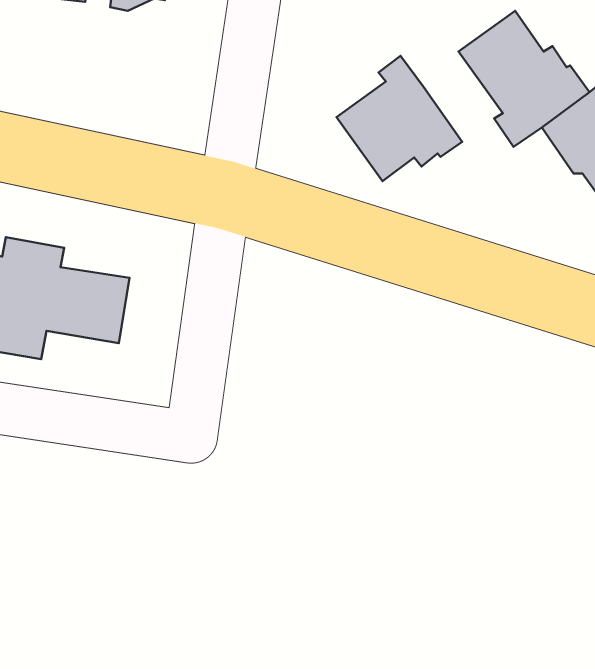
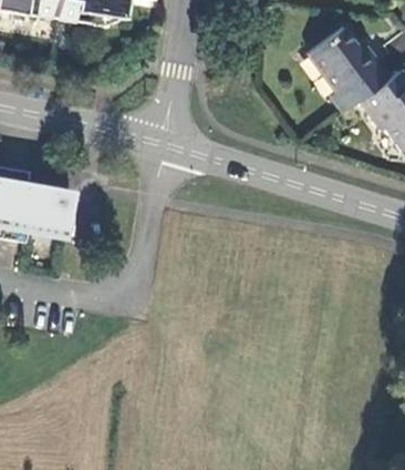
building: [336,56,462,181] -> none

